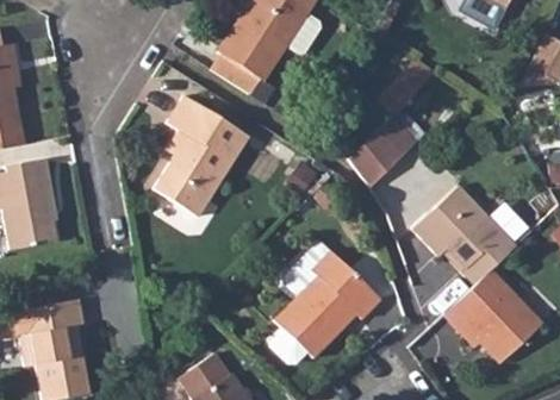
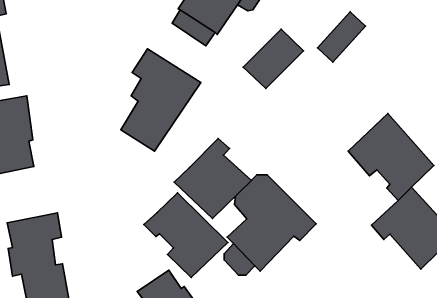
building: [350,115,421,185] -> [243,29,304,89]
building: none -> [174,138,251,219]
building: none -> [144,193,228,277]

